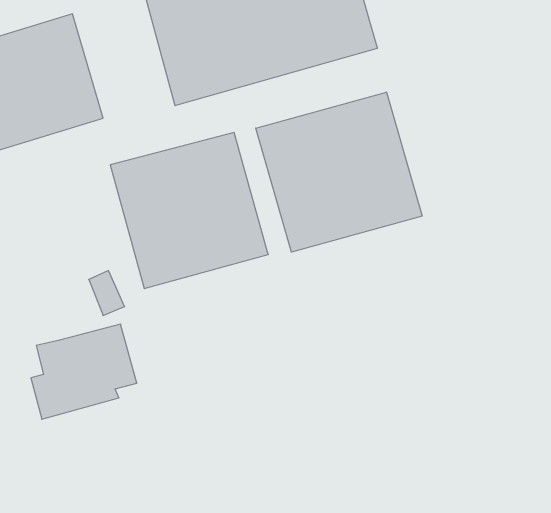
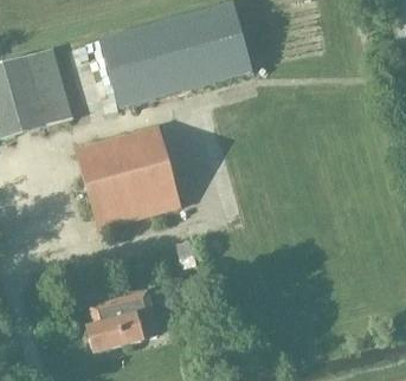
building: [256,92,422,252] -> none
building: [31,324,137,419] -> [85,290,155,353]

